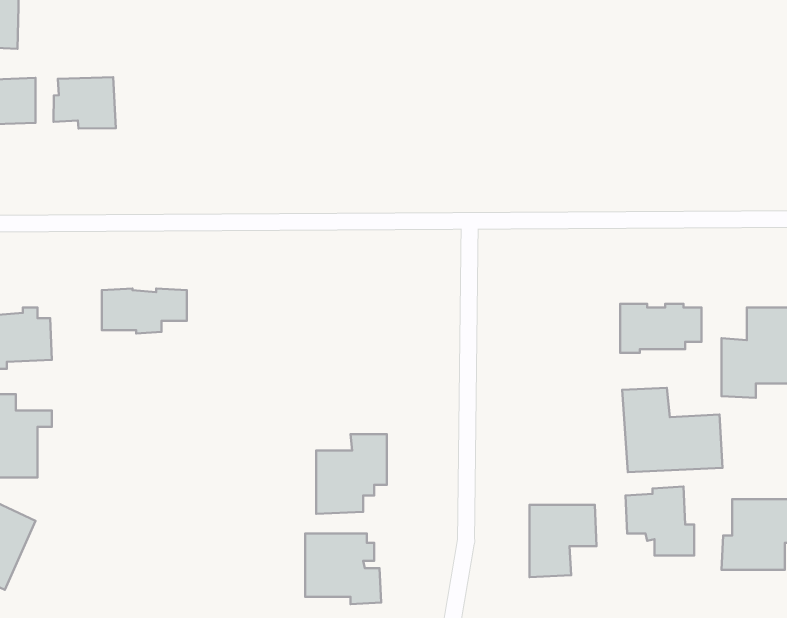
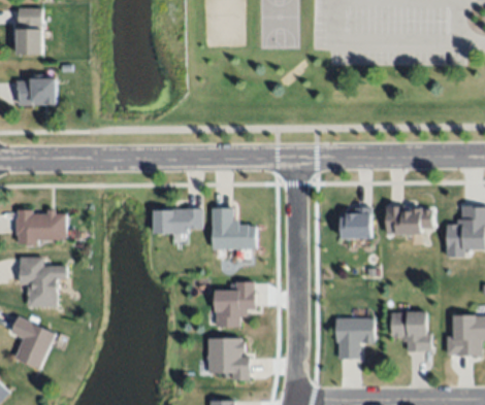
building: [54,77,116,129] -> none
building: [102,288,187,334] -> [154,204,202,230]
building: none -> [339,208,370,239]
building: none -> [211,209,256,250]
building: [622,388,722,472] -> none

